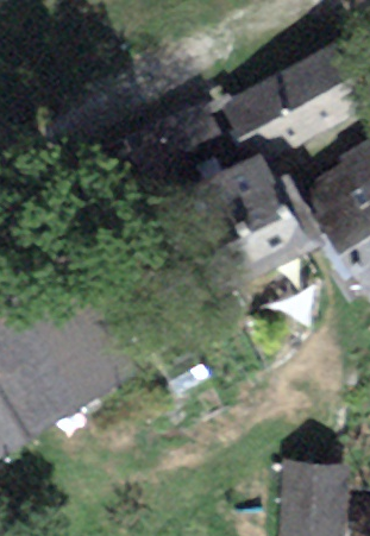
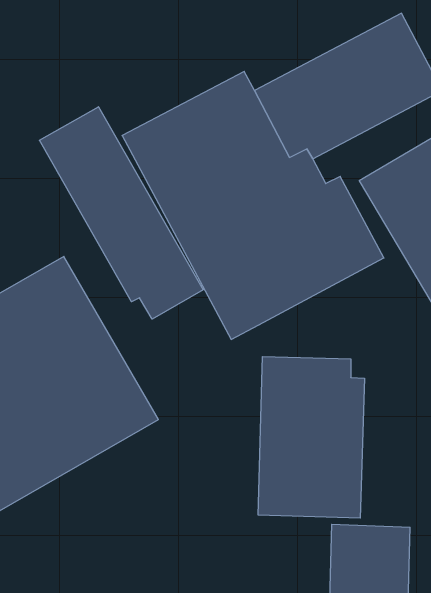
building: none -> [39,107,203,319]
building: none -> [258,357,364,518]

